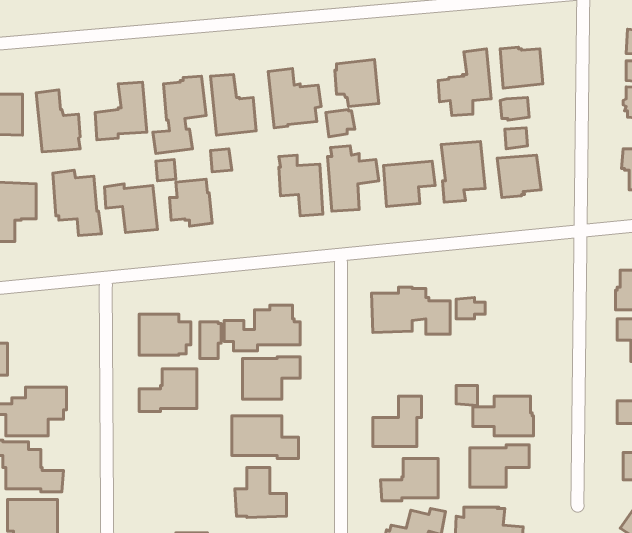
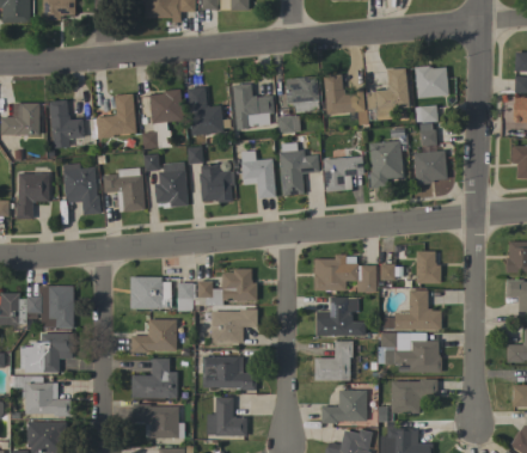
building: none -> [323,74,367,124]
building: none -> [198,163,232,203]
building: none -> [416,251,440,283]
building: none -> [26,286,72,327]
building: none -> [394,290,441,329]
building: none -> [315,296,364,336]
building: none -> [131,357,178,398]
building: none -> [131,403,178,437]

